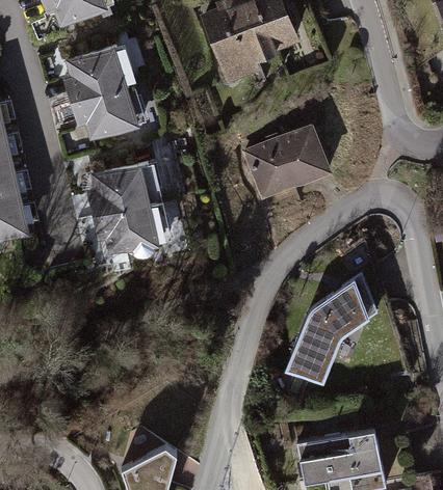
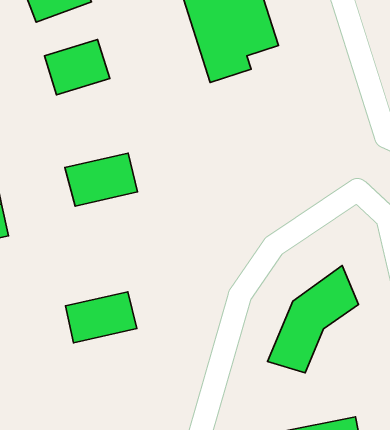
building: [73,83,139,139] -> none
building: [249,127,332,200] -> none
building: [92,198,164,250] -> [65,292,137,343]

